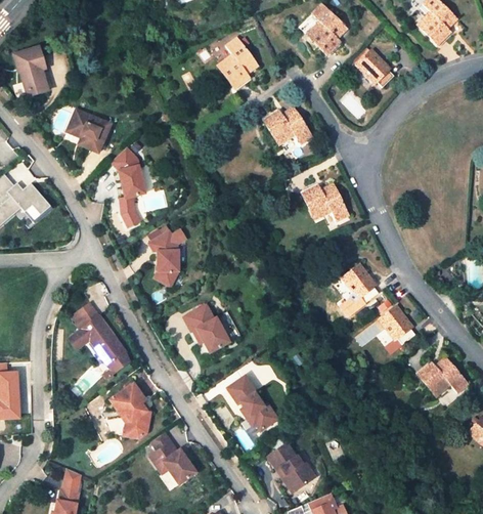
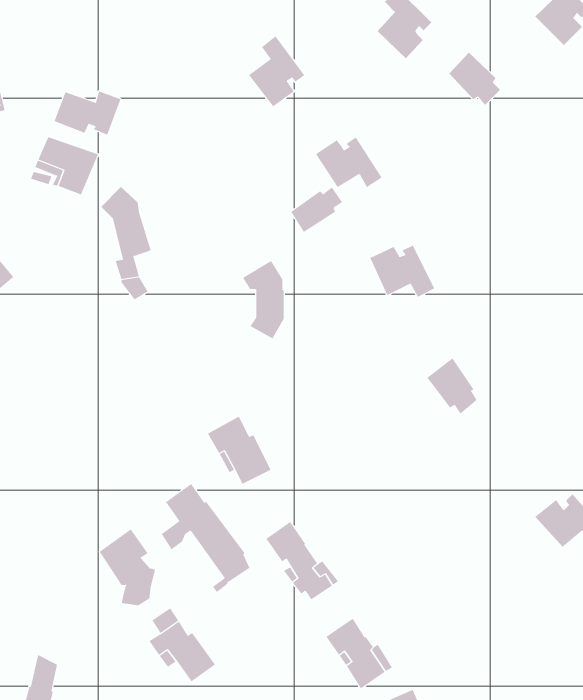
building: none -> [54,91,121,135]
building: none -> [290,186,343,233]
building: [148,230,178,286] -> [242,260,285,339]
building: [68,302,130,379] -> [161,483,250,593]
building: [379,305,413,344] -> none

